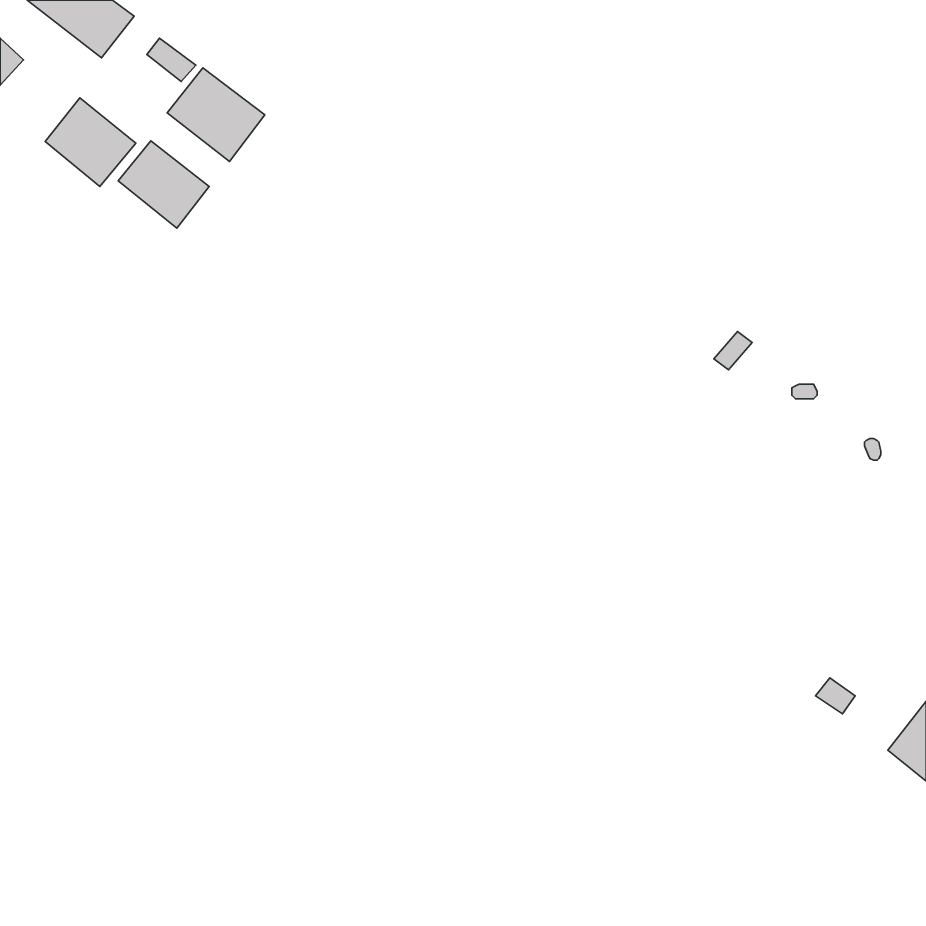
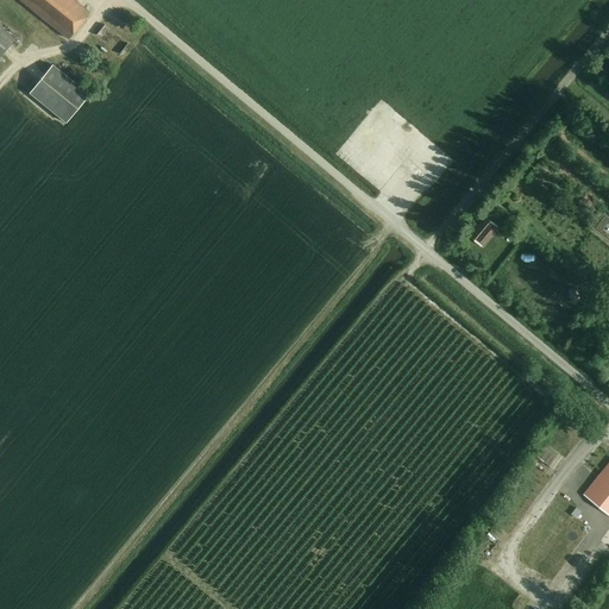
building: [167,68,265,162] -> none
building: [118,141,209,228] -> none

